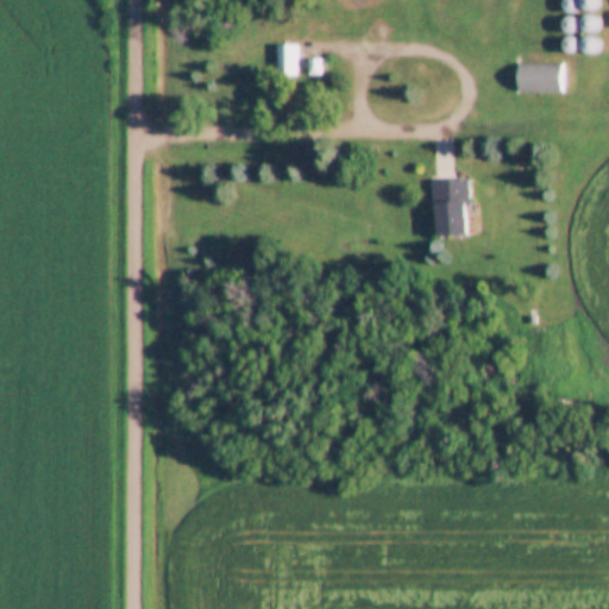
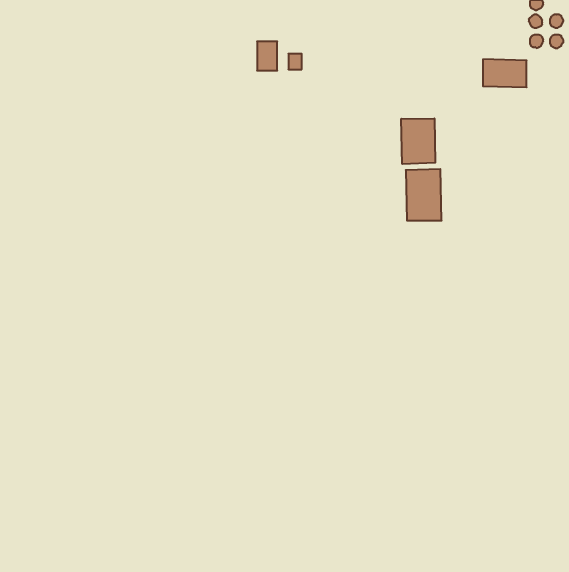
building: none -> [401,118,435,164]

